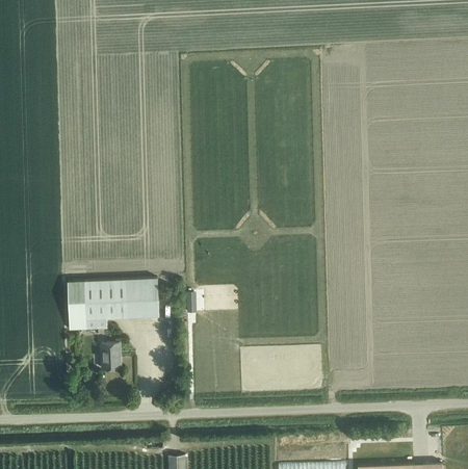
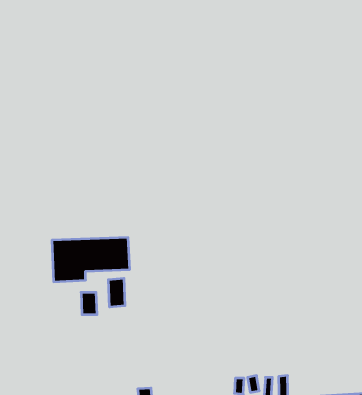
building: none -> [108,278,125,307]

